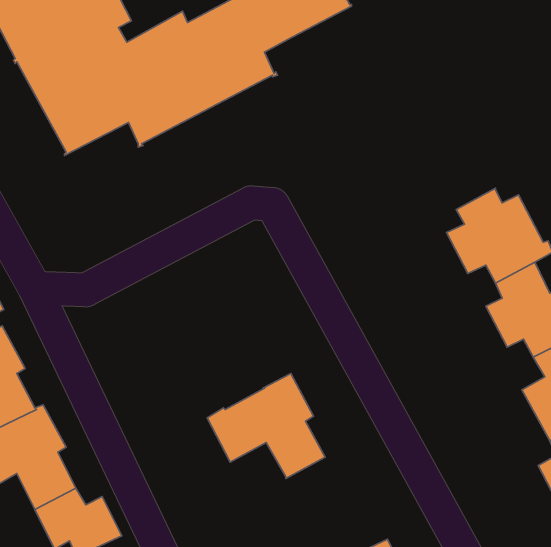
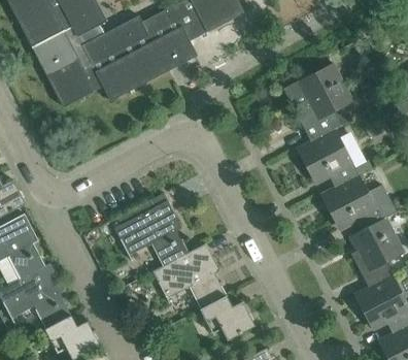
building: none -> [283,60,350,140]
building: none -> [113,193,189,266]
building: none -> [199,296,254,340]

